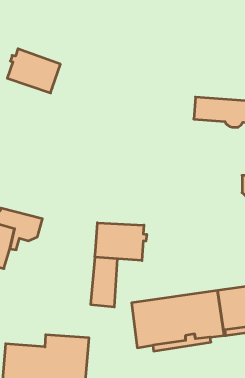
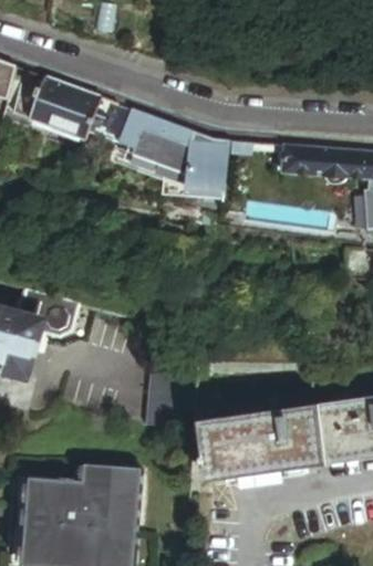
building: none -> [89,98,226,189]
building: [95,223,147,261] -> none

